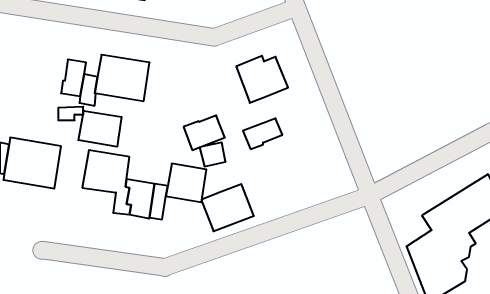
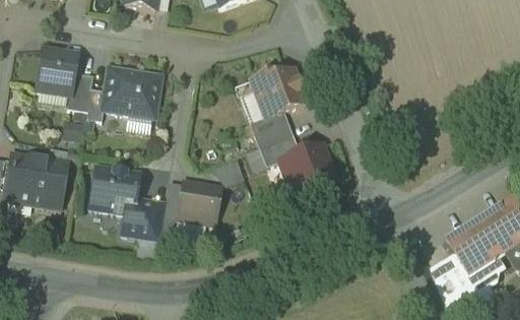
building: none -> [36,48,76,93]
building: [78,111,122,147] -> none
building: [184,115,225,150] -> [249,110,292,146]
building: [202,184,254,231] -> [279,142,334,192]

